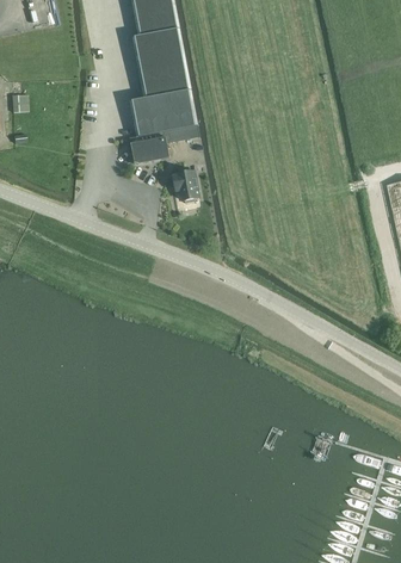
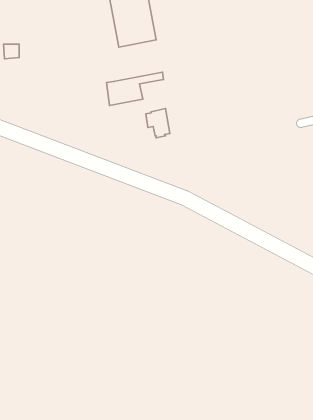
building: [132,88,195,136] -> none

